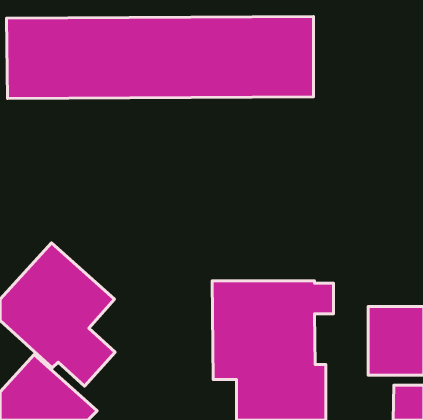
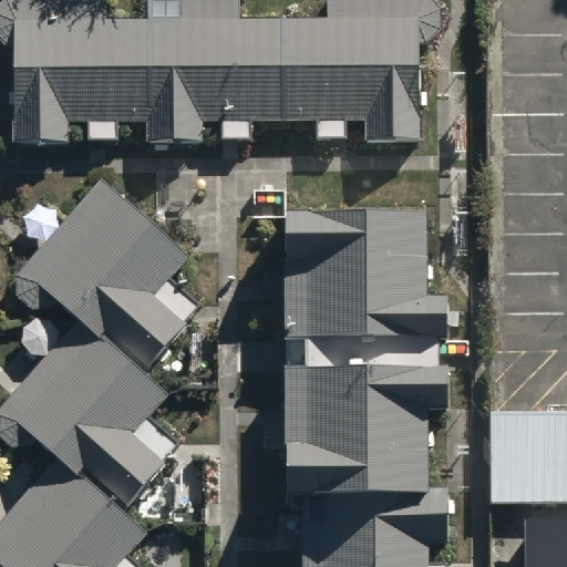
building: none -> [16,176,188,373]
building: none -> [287,206,449,357]

